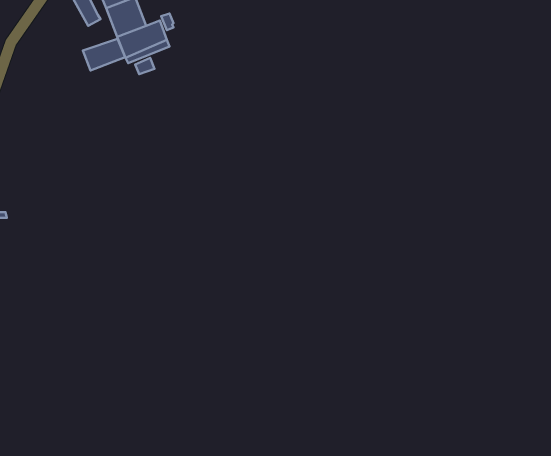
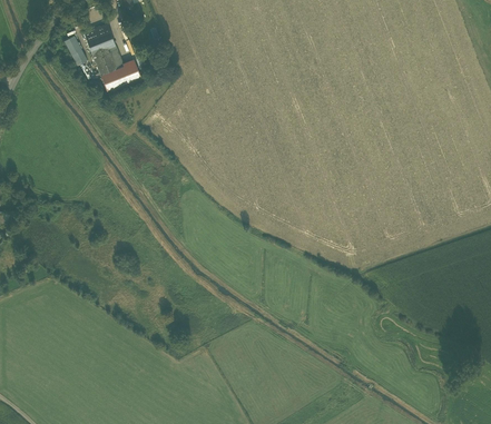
building: [83,39,125,71] -> none

